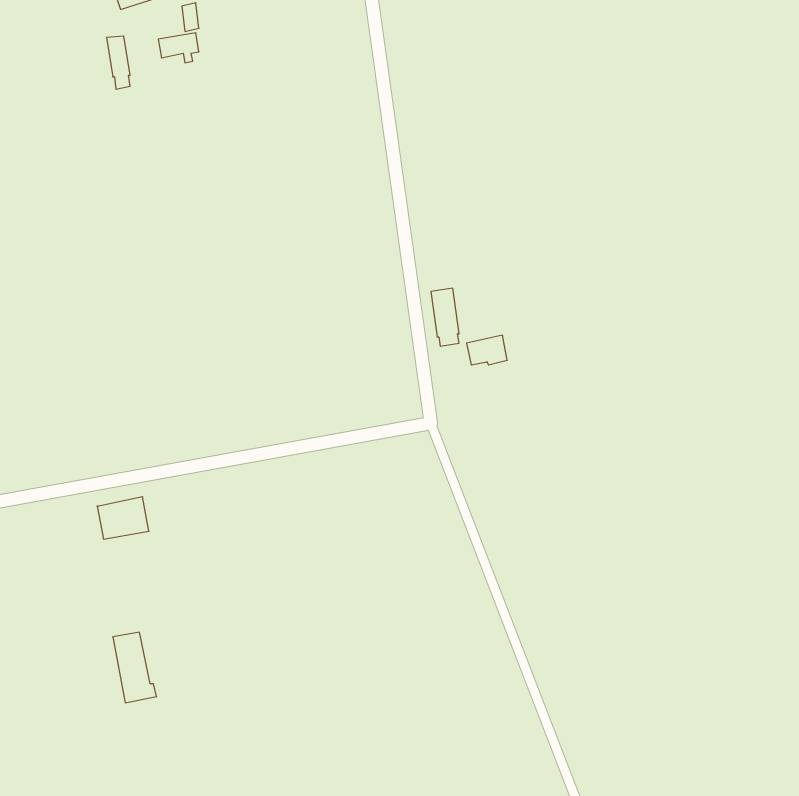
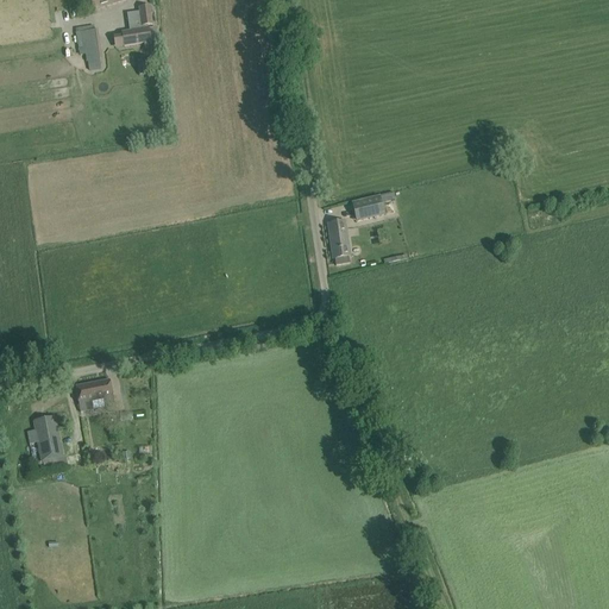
building: [467,335,507,365] -> [351,194,382,216]
building: [113,632,157,703] -> [33,415,67,469]

